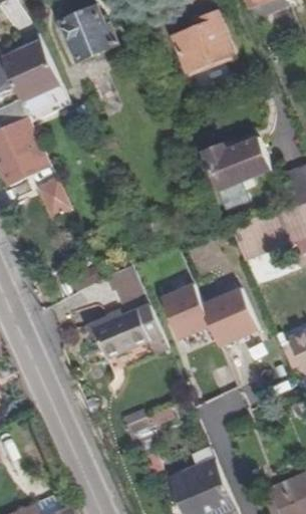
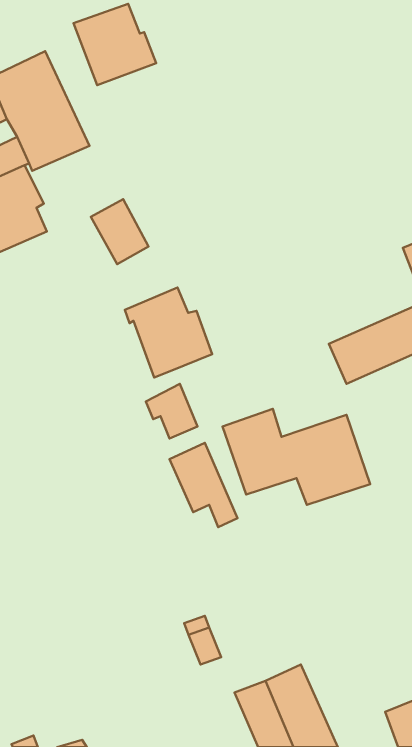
building: [173,10,234,72] -> none
building: [204,138,272,190] -> none
building: [34,177,73,221] -> [91,199,148,264]
building: none -> [125,287,212,378]
building: [94,316,140,366] -> none

